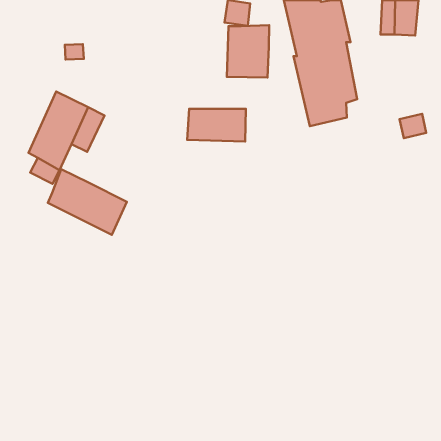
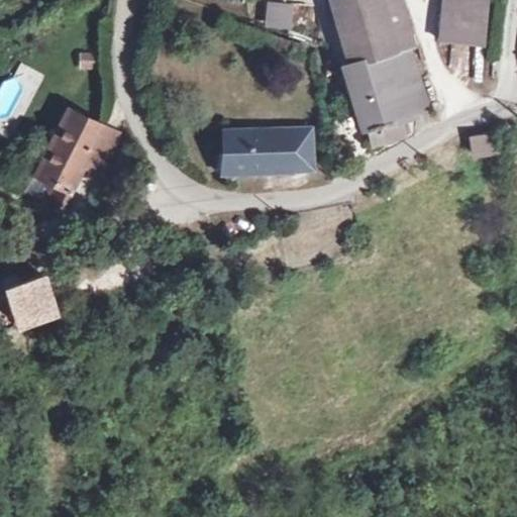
building: [227,25,269,77] -> none
building: none -> [287,127,309,167]
building: [48,169,127,235] -> none
building: none -> [16,276,64,321]

